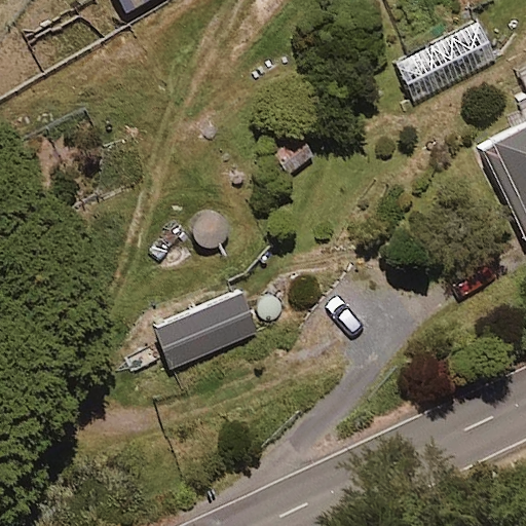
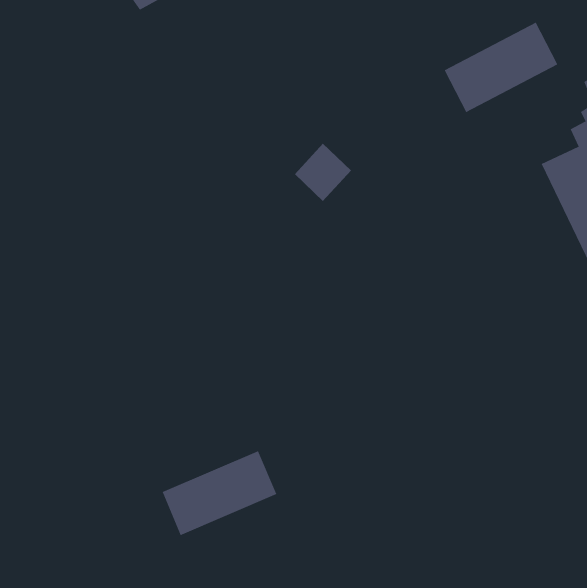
building: [155,292,258,368] -> [162,450,277,536]

